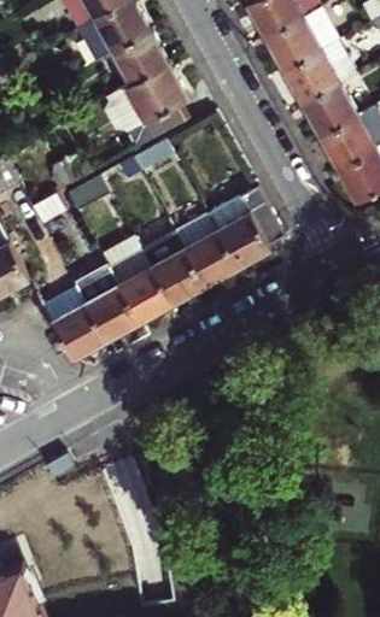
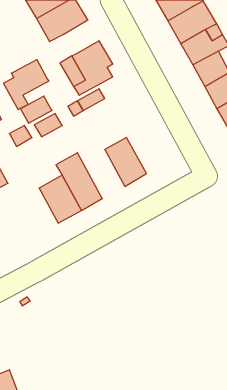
building: [110,36,164,88] -> none
building: none -> [3,60,49,110]
building: [205,187,281,268] -> none
building: [139,231,203,305] -> none
building: [41,289,103,360] -> none

